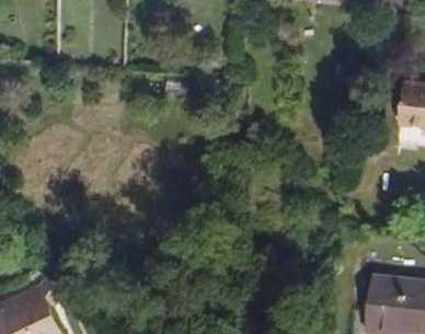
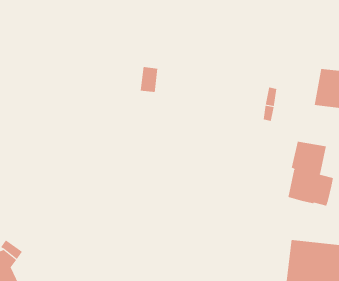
building: none -> [288,141,334,206]

